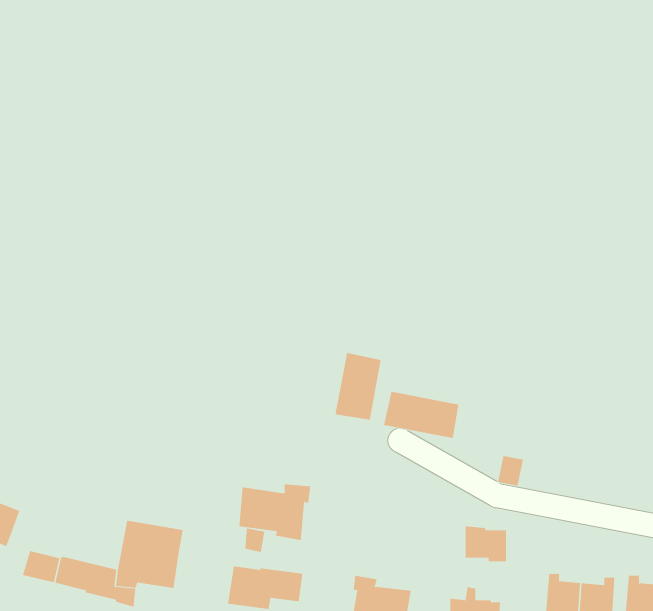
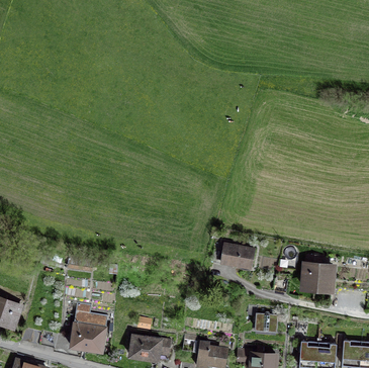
building: [335,352,381,421] -> none
building: none -> [301,263,337,292]
building: [239,484,311,541] -> none

